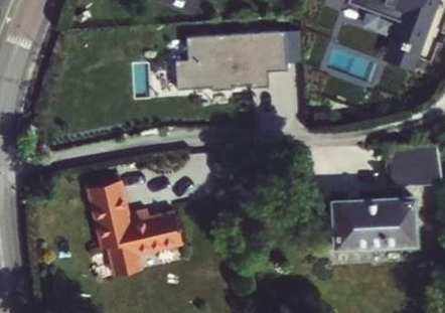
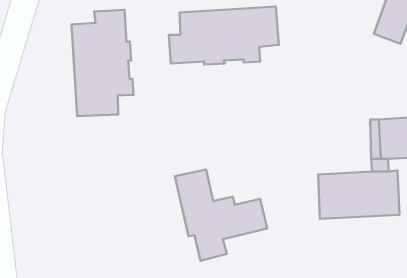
building: none -> [71,10,134,116]
building: [87,183,181,277] -> [175,169,267,261]

